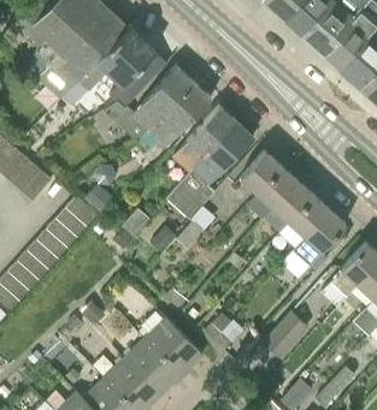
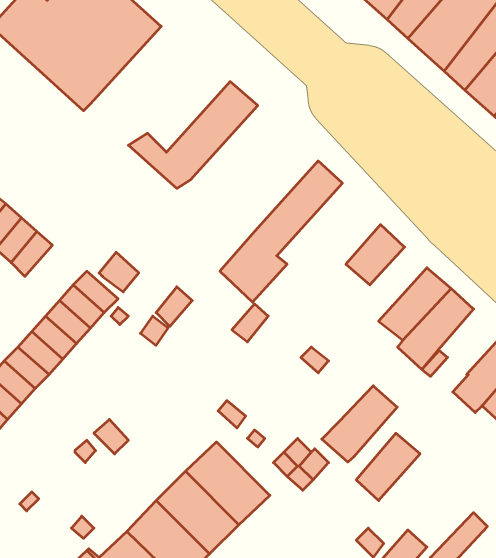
building: [77,26,155,108] -> none
building: [137,83,211,150] -> none
building: [175,106,236,171] -> none
building: [240,151,279,194] -> none
building: [272,182,312,222] -> none
building: none -> [322,386,397,462]

